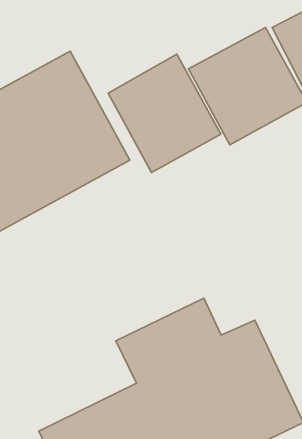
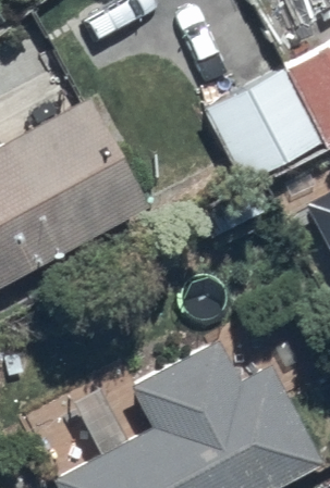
building: [108,54,221,172] -> none

